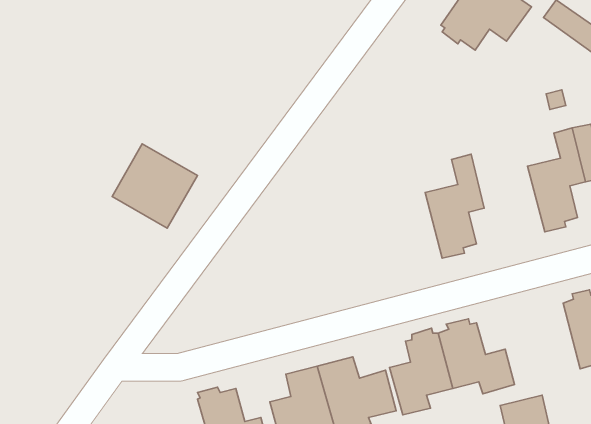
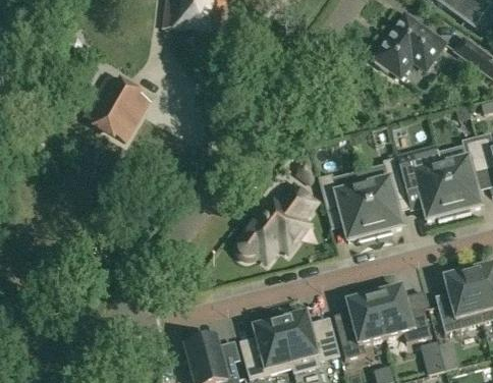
building: none -> [397,146,454,219]
building: [112,144,197,228] -> [84,72,150,138]
building: none -> [317,172,375,239]
building: none -> [237,182,316,256]
building: none -> [437,267,482,331]

